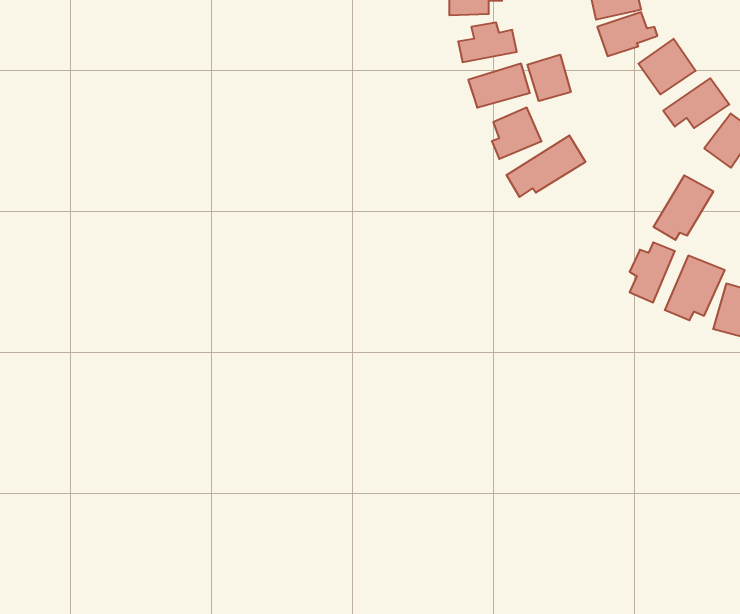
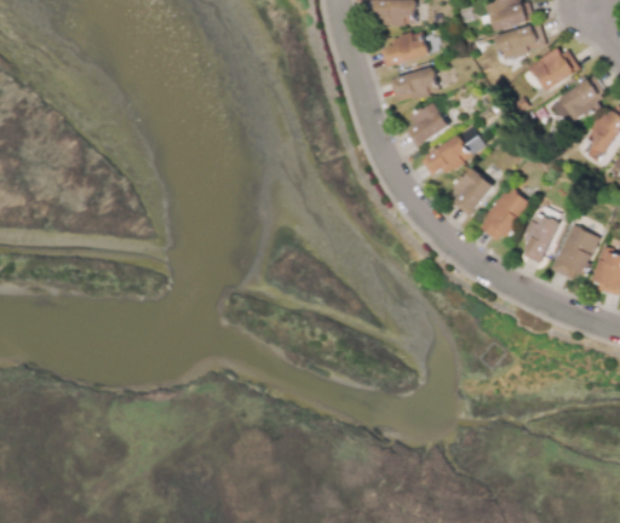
building: [527,55,571,101] -> none
building: [653,175,713,240] -> [480,186,529,240]
building: none -> [447,167,494,215]

